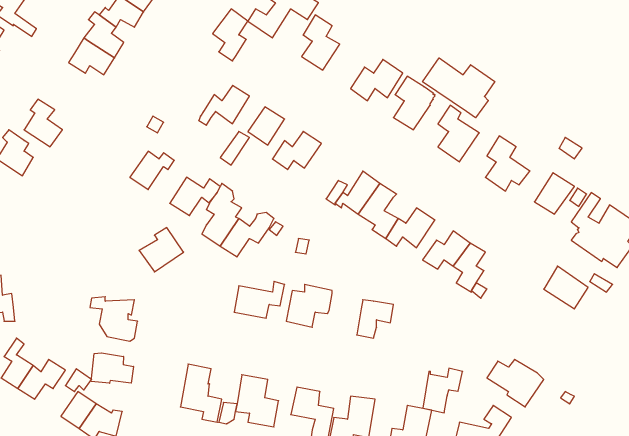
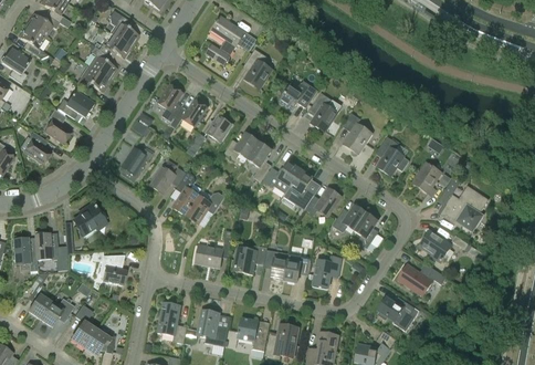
building: [213,9,248,61] -> [157,84,182,122]
building: [423,58,495,118] -> none
building: none -> [57,91,94,118]
building: none -> [246,142,271,181]
building: [139,228,184,272] -> [72,202,104,234]
building: none -> [34,233,67,271]
building: none -> [264,250,289,280]
building: none -> [397,263,447,296]
building: [91,353,133,383] -> none
building: [423,368,463,413] -> [313,257,342,289]

